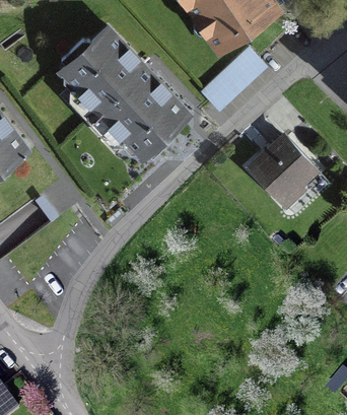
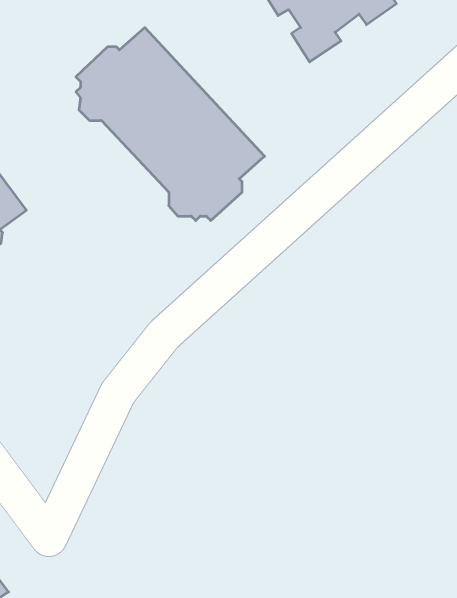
building: [201,48,265,110] -> none
building: [252,137,315,199] -> none

